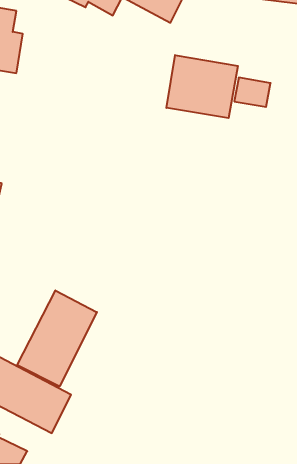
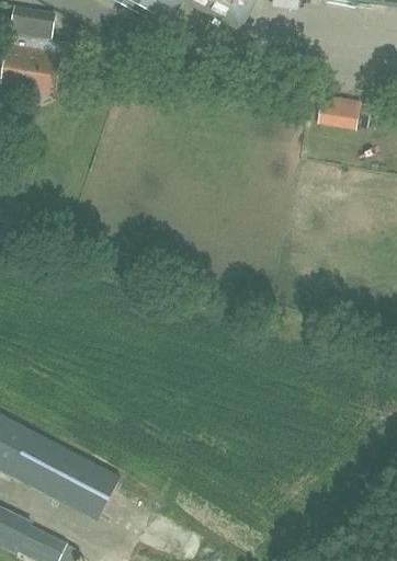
building: [166,55,238,118] -> none
building: [17,290,97,386] -> none

